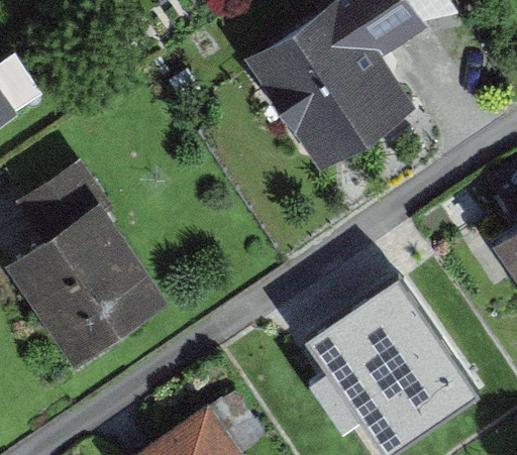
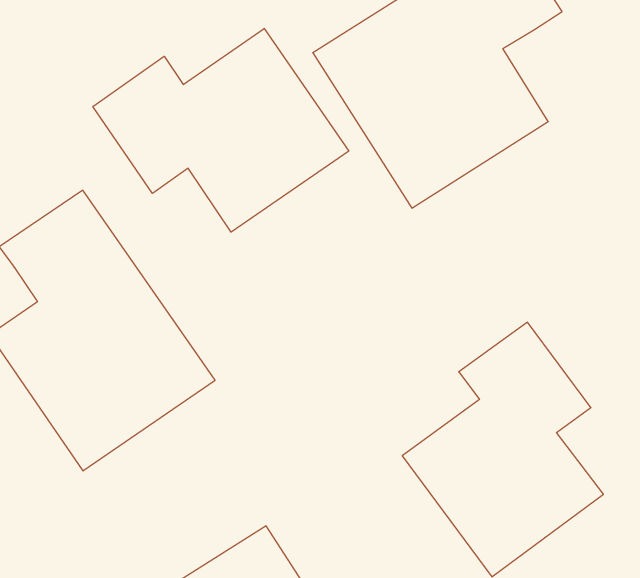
building: none -> [93,28,349,232]

